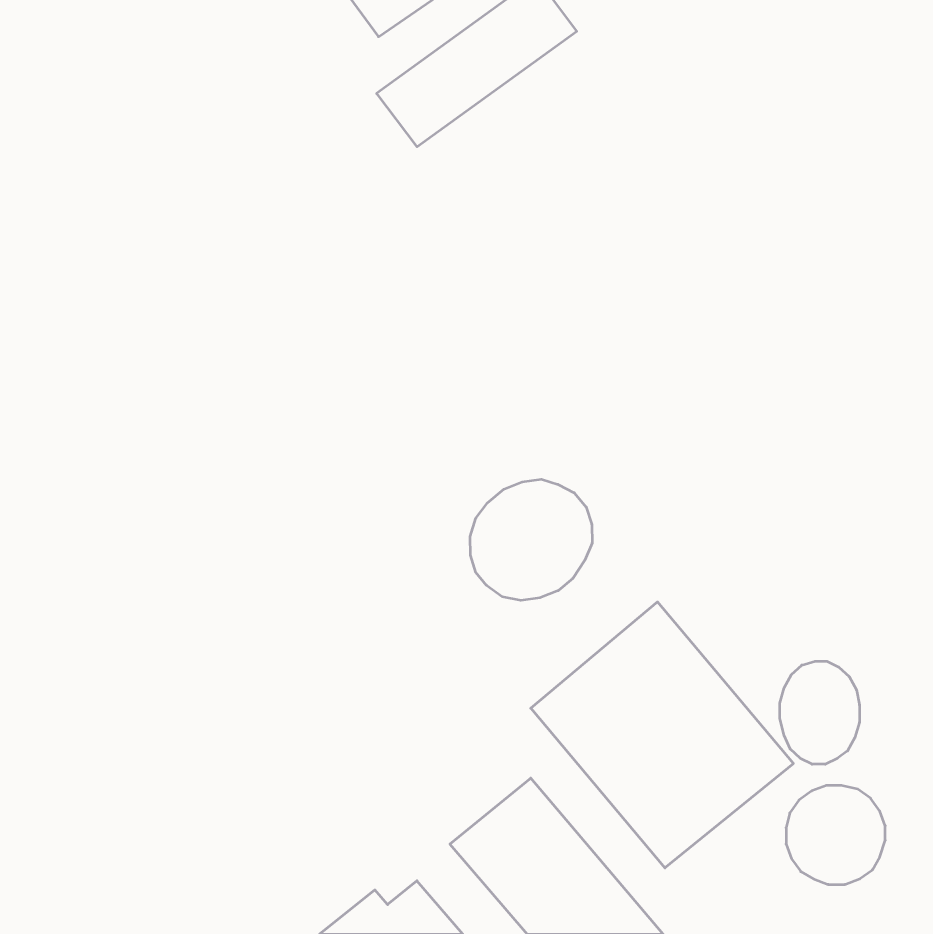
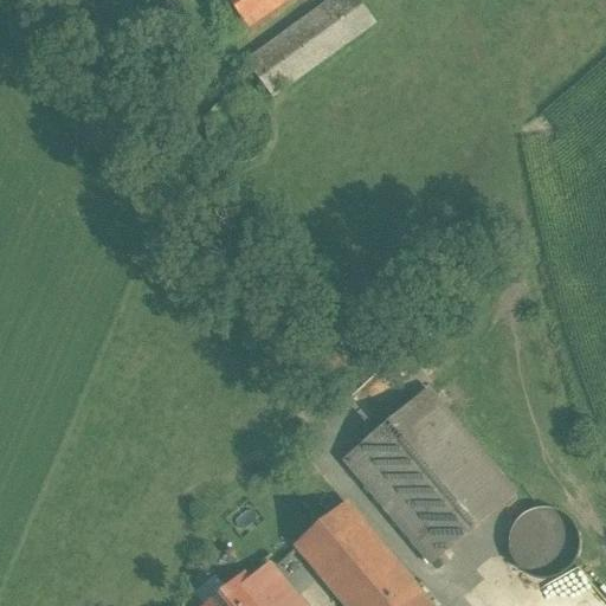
building: [470,479,592,600] -> none
building: [780,661,859,764] -> none

